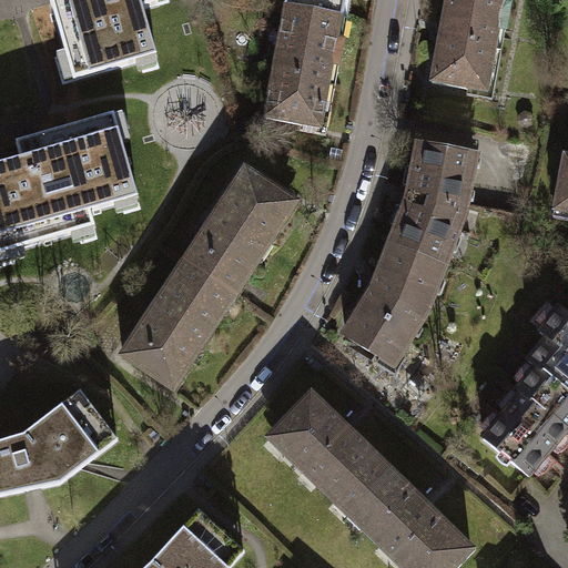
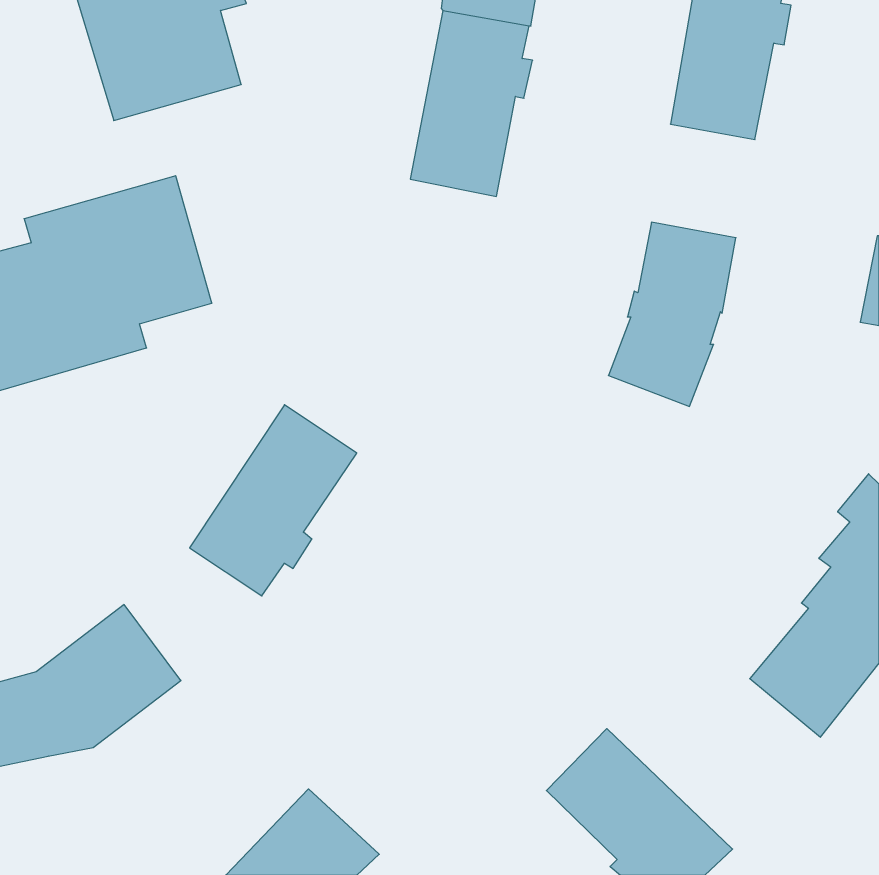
building: [183,168,292,292] -> none
building: [345,242,444,363] -> none
building: [272,393,390,509] -> none

